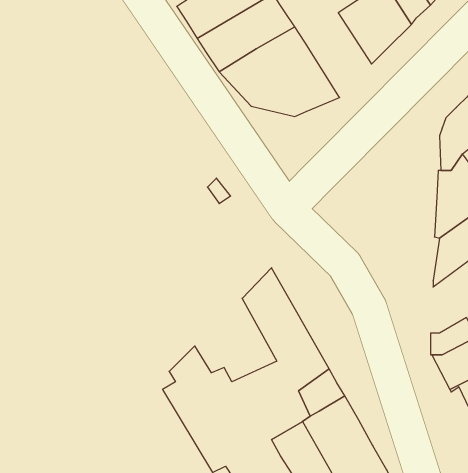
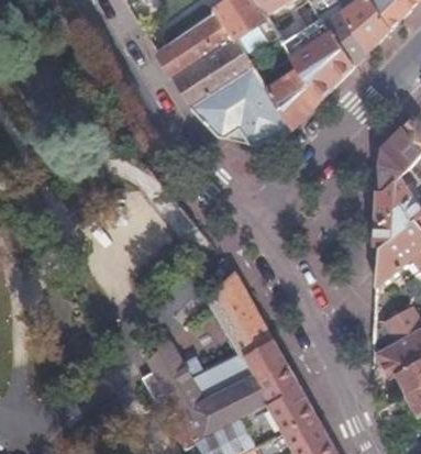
building: none -> [264,54,321,126]

